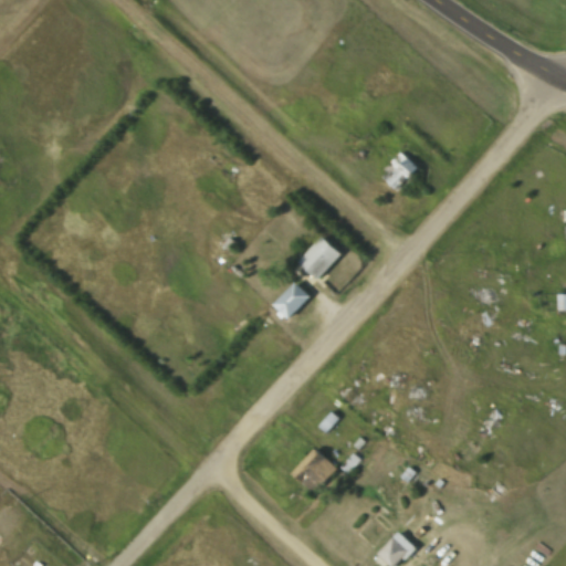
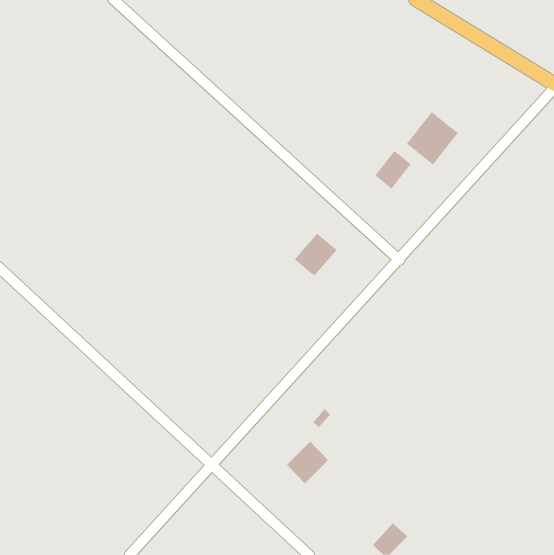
building: none -> [406,111,458,166]
building: [273,282,308,317] -> none

